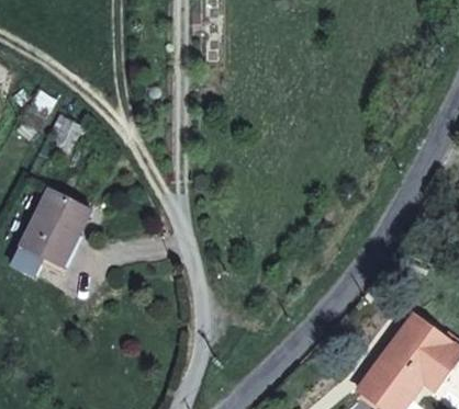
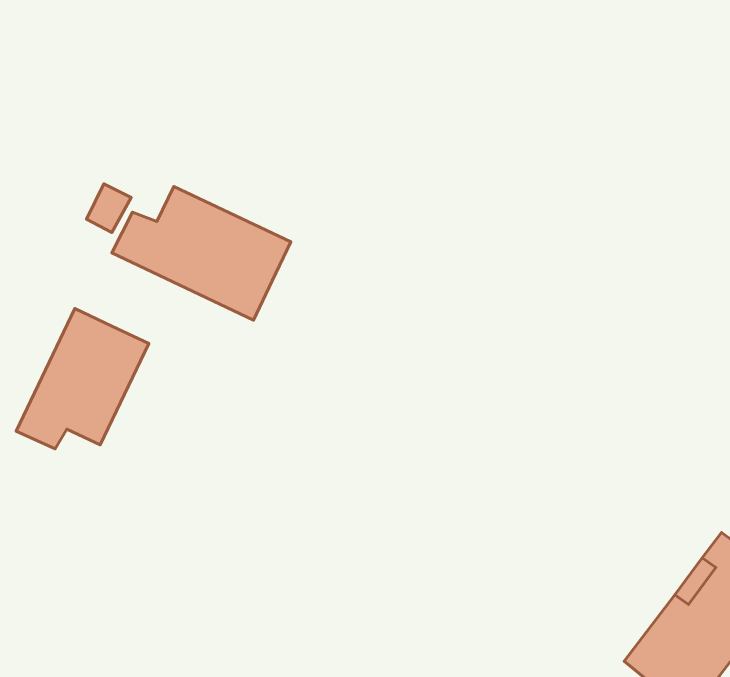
building: none -> [112,186,291,320]

